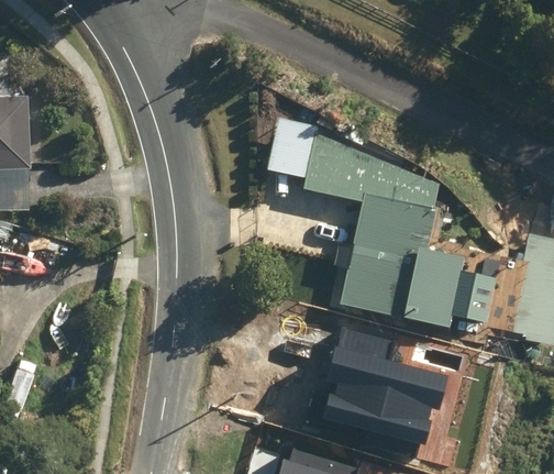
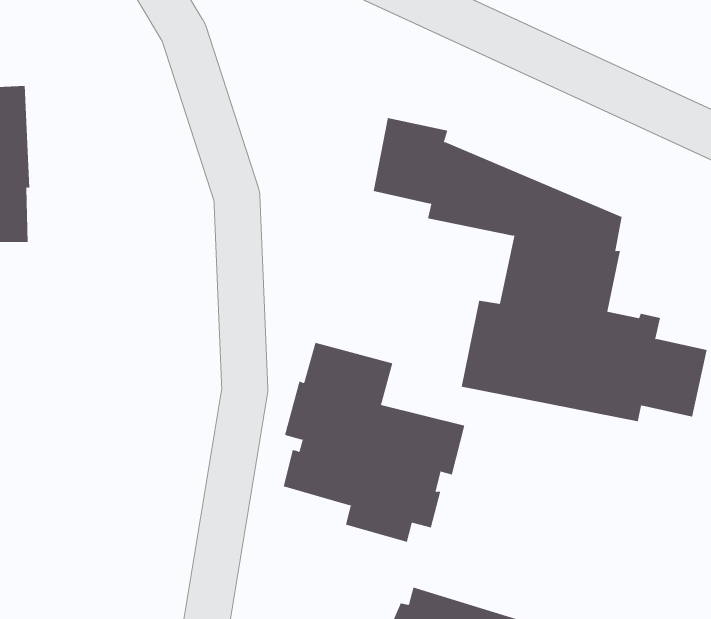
building: [325,312,451,450] -> [283,342,465,543]

